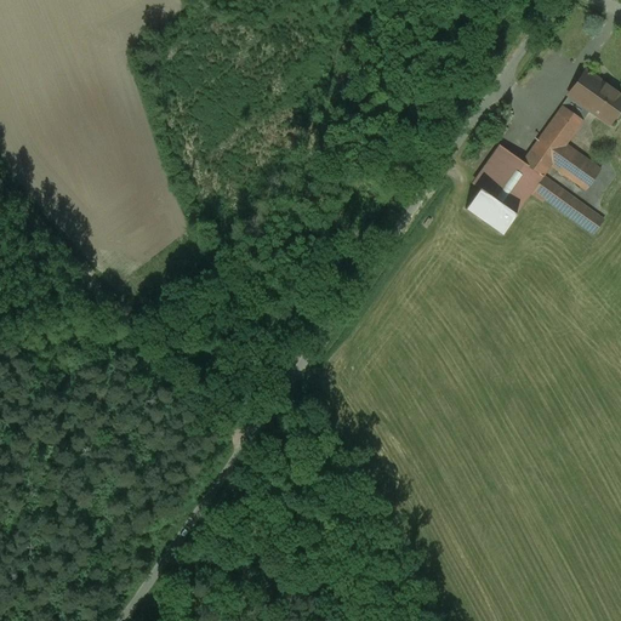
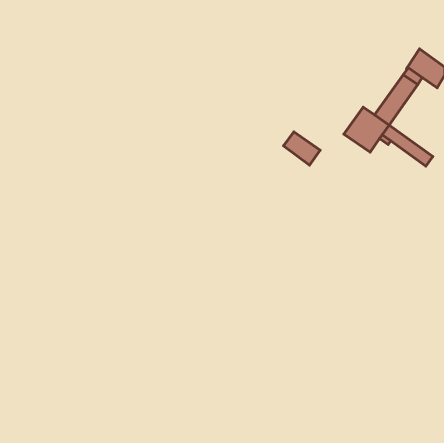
building: [552,143,600,188] -> none
building: [466,187,517,233] -> [283,132,320,165]

